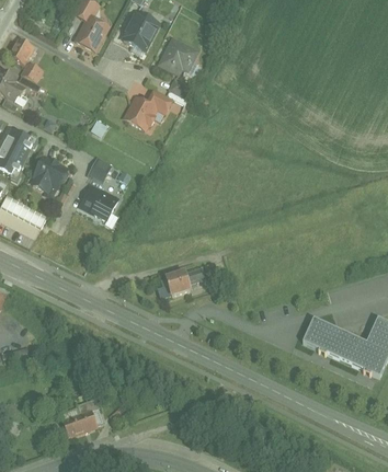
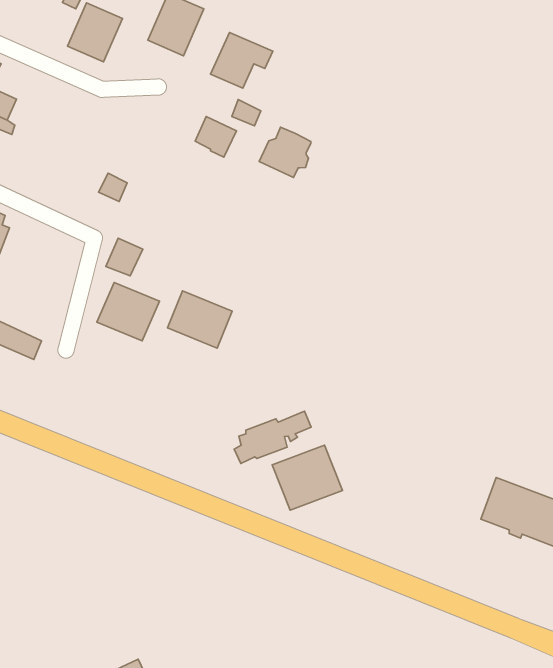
building: [124,97,156,128] -> [259,127,311,177]
building: [32,159,66,196] -> none
building: none -> [168,291,232,348]
building: none -> [272,445,343,510]

